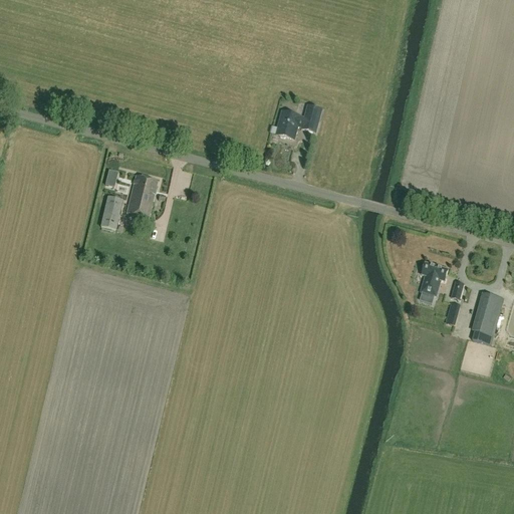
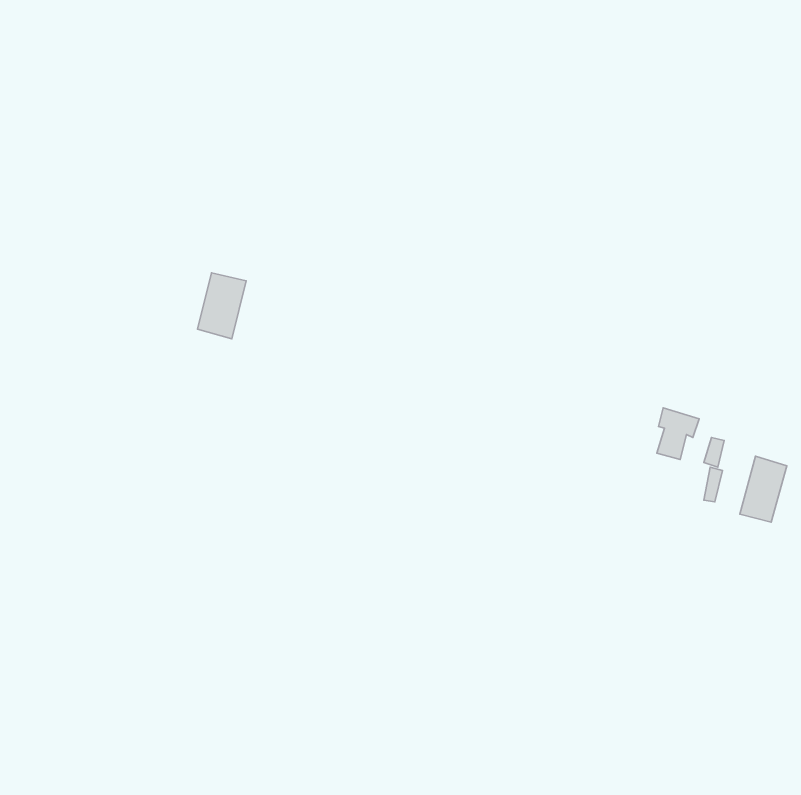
building: [276,103,322,138] -> none
building: [100,196,121,229] -> none

